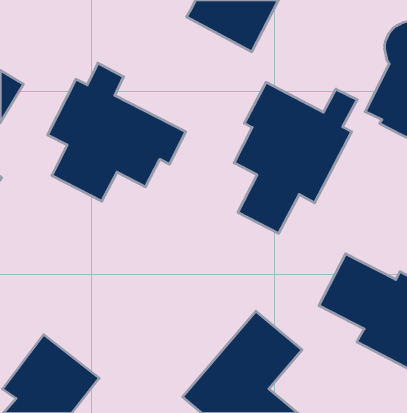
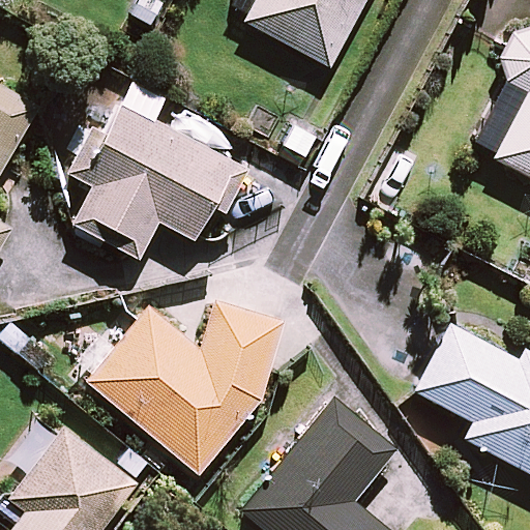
building: [234,82,357,233] -> none
building: none -> [88,304,285,472]

